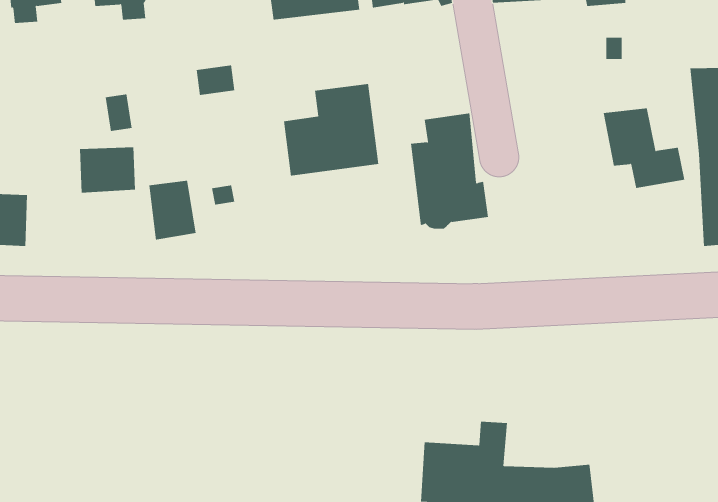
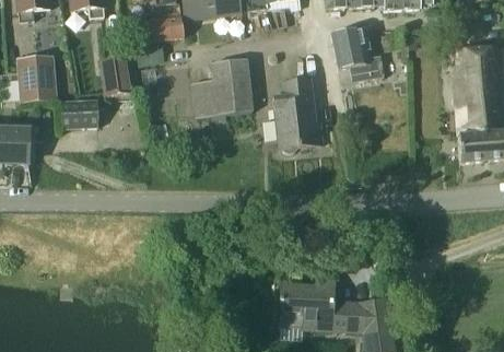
building: none -> [151,14,185,40]
building: none -> [19,55,57,101]
building: [603,108,685,188] -> [332,30,385,81]
building: [148,180,196,240] -> [101,56,131,94]

